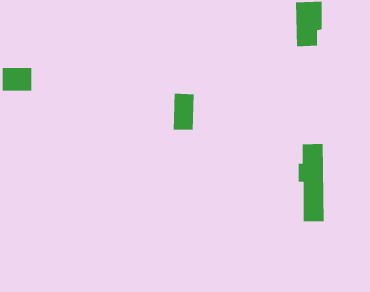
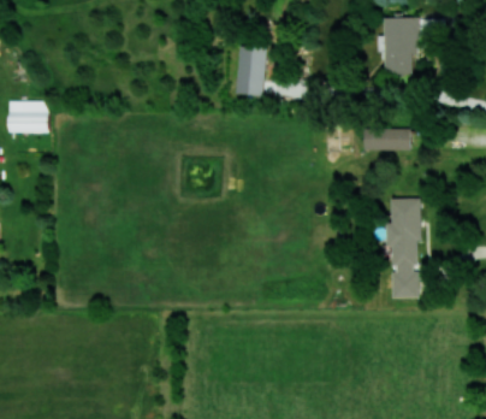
building: none -> [363,128,409,151]
building: [173,93,195,130] -> [237,47,265,94]

